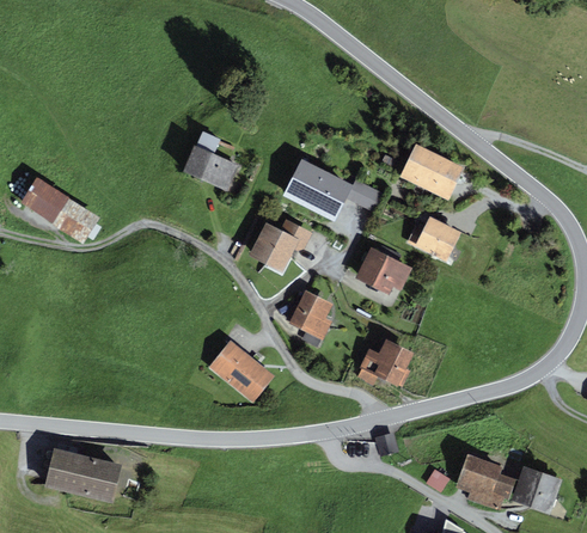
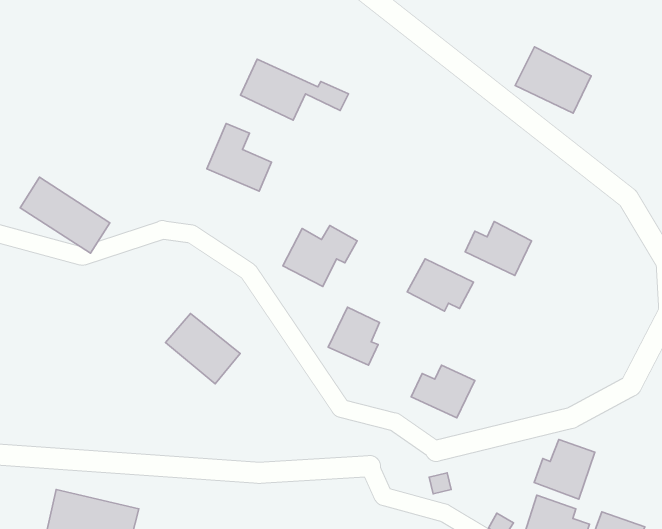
building: [399,143,465,201] -> [515,47,591,113]
building: [285,163,378,215] -> [241,59,348,120]
building: [208,342,273,403] -> [166,314,240,384]
building: none -> [534,440,595,499]

